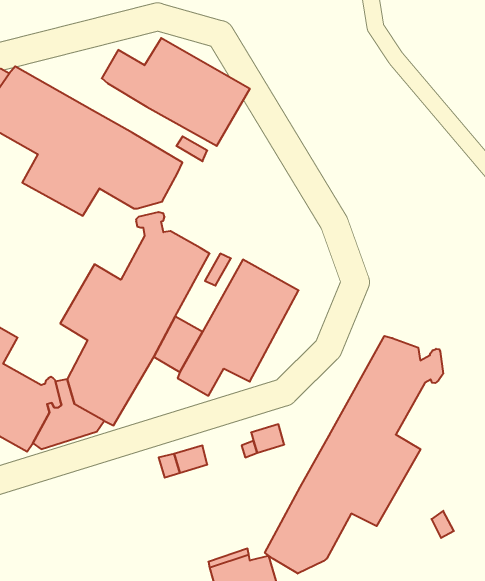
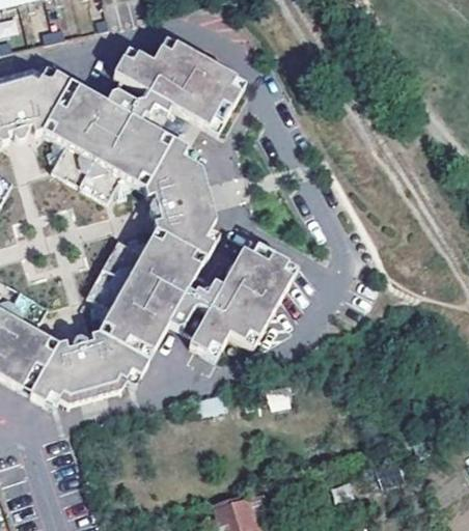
building: none -> [113,82,161,125]
building: none -> [153,161,213,226]
building: [265,336,443,574] -> none

